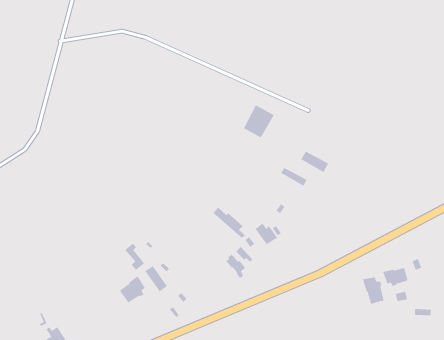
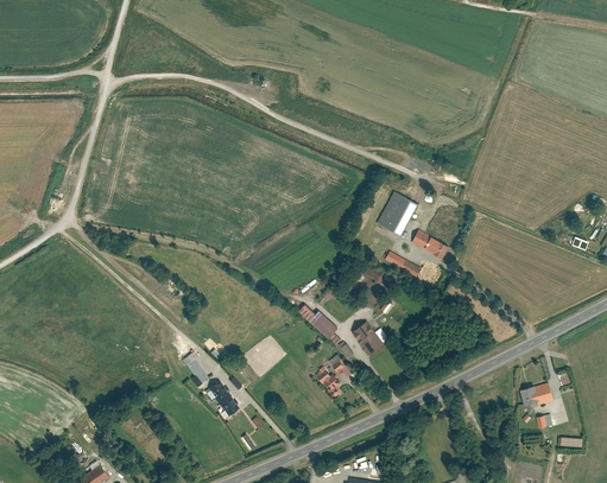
building: [243,104,275,139] -> [378,191,419,236]
building: [119,275,146,304] -> none
building: [362,277,384,305] -> none

